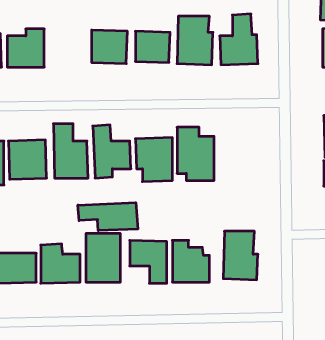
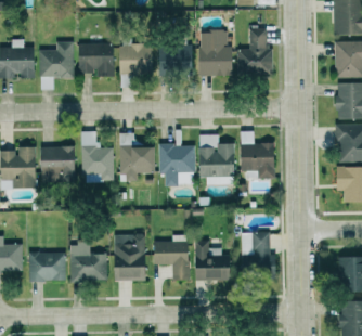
building: none -> [76,43,112,77]
building: none -> [238,143,272,179]
building: [78,203,138,231] -> none

